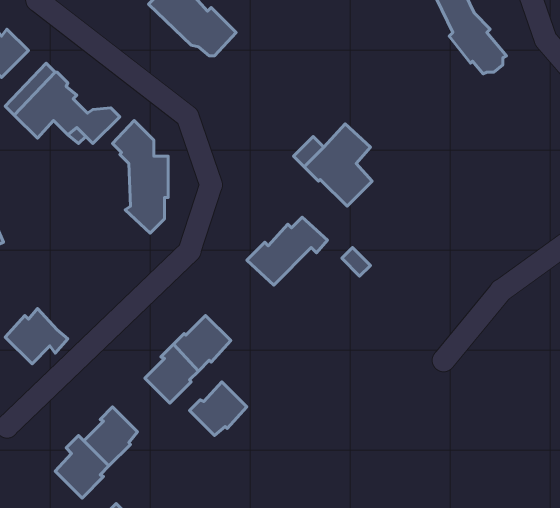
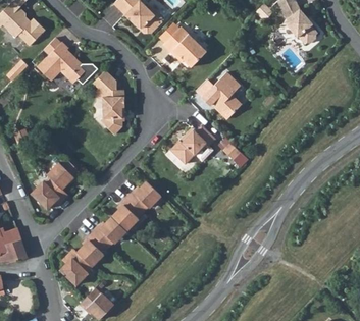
building: none -> [163,25,206,66]
building: none -> [47,160,81,189]
building: [189,382,247,436] -> [93,216,125,247]

